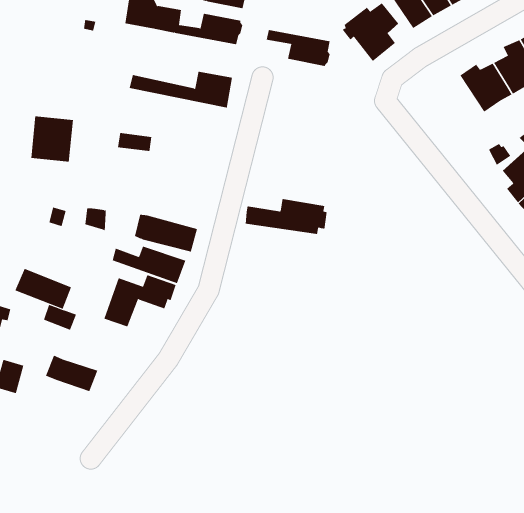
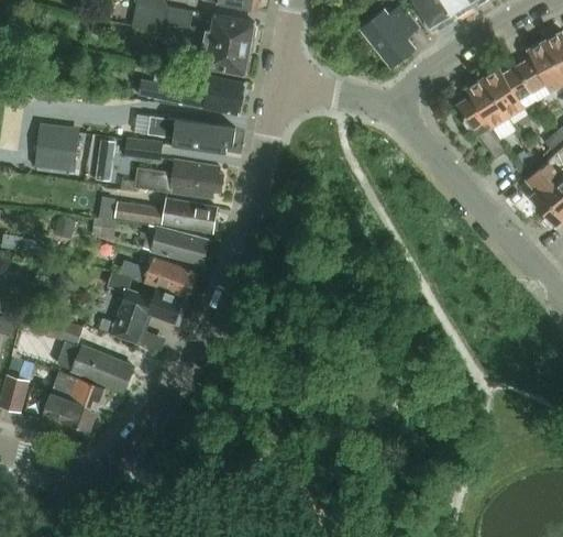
building: [266,29,331,66] -> [183,36,250,75]
building: none -> [454,80,515,160]
building: none -> [147,116,235,153]
building: none -> [92,134,121,177]
building: none -> [115,198,217,232]
building: [245,198,327,234] -> [135,161,221,198]
building: [15,268,72,310] -> [74,347,133,390]
building: none -> [43,393,97,431]

